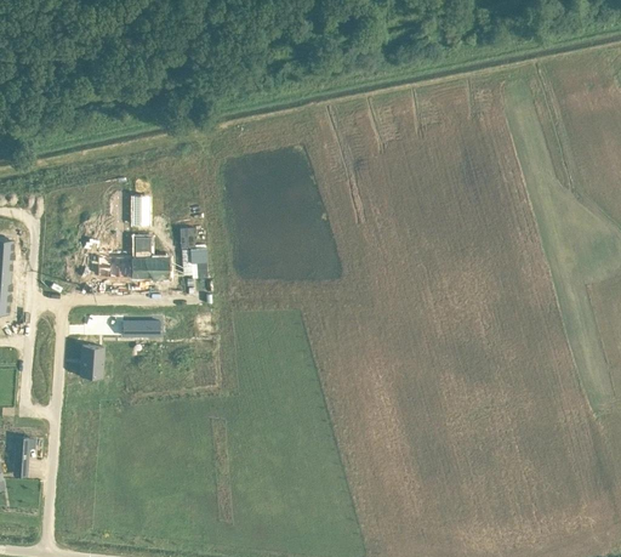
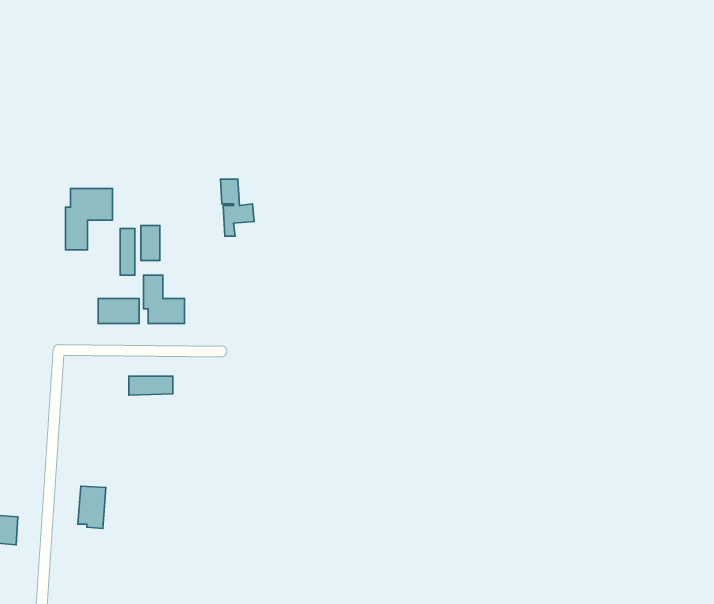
building: none -> [66,189,113,250]
building: [178,227,206,274] -> [220,179,254,236]
building: [79,345,102,380] -> [78,486,106,529]

